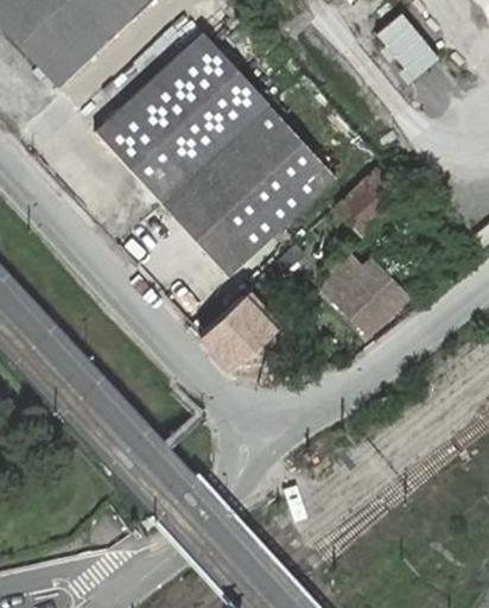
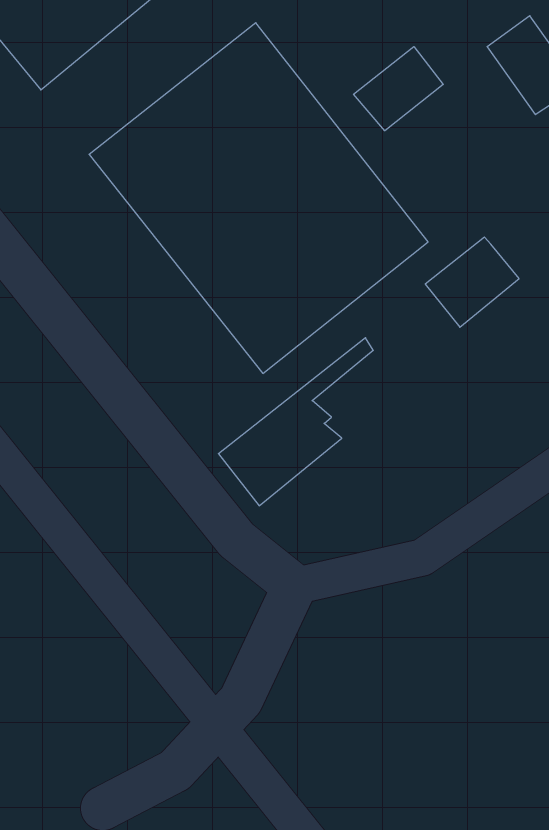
building: none -> [354,47,443,131]
building: [320,251,411,335] -> none

